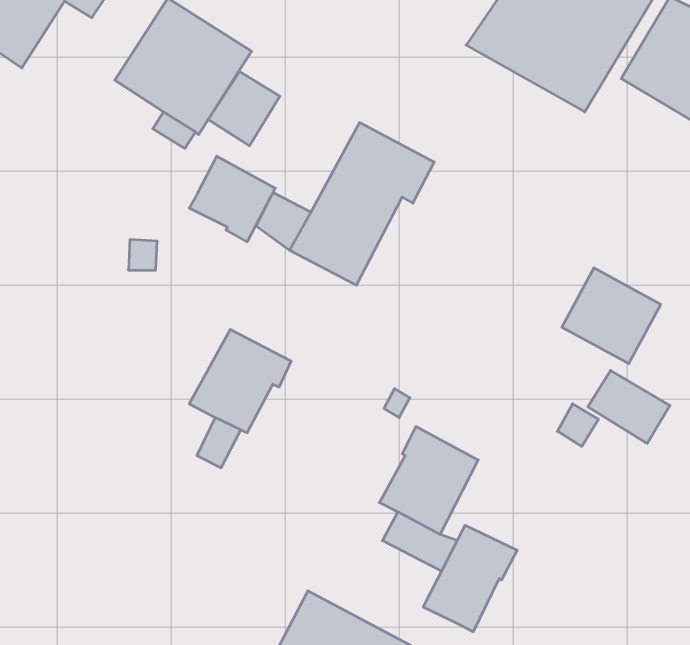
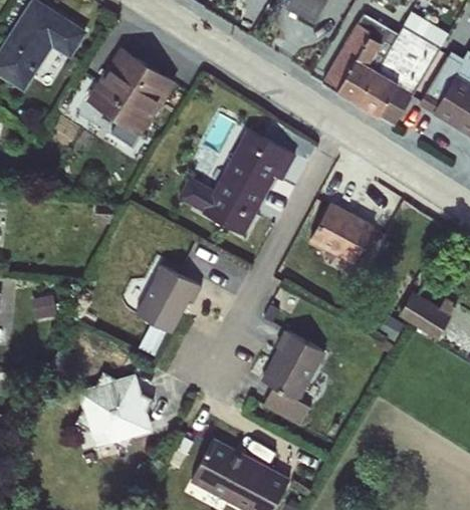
building: [208,71,280,146] -> none
building: [189,156,275,242] -> none
building: [562,268,661,364] -> [309,203,375,266]
building: none -> [75,373,155,453]
building: [423,525,517,632] -> none

